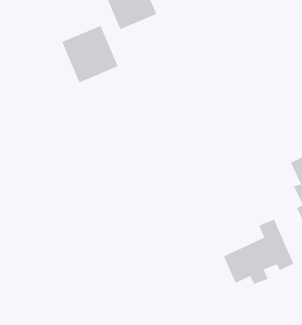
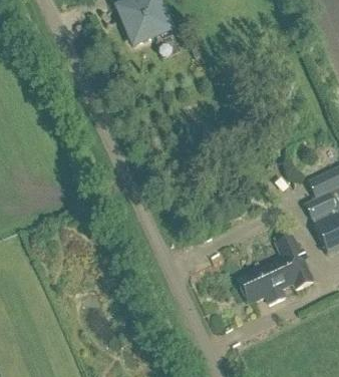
building: [62,25,118,83] -> none

